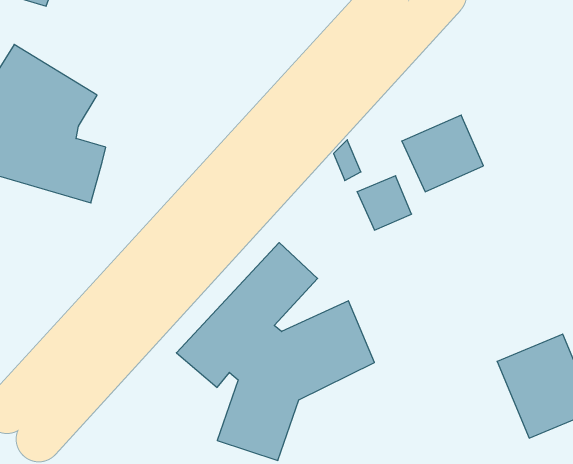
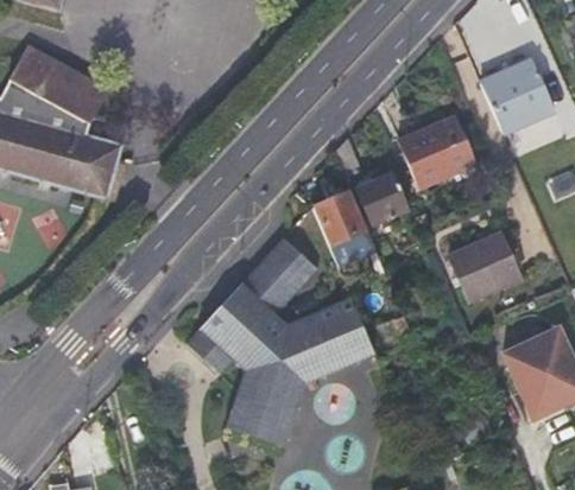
building: none -> [482,56,552,128]
building: none -> [314,191,378,268]
building: none -> [447,230,517,295]

